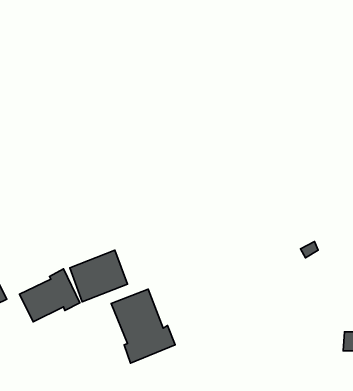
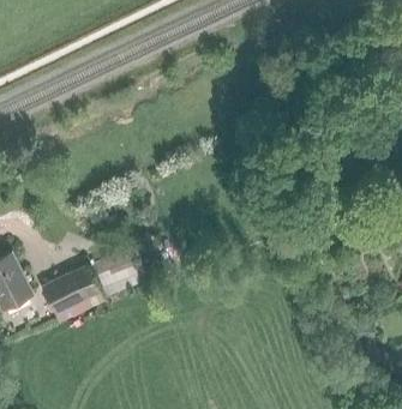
building: [111,289,175,363] -> none

